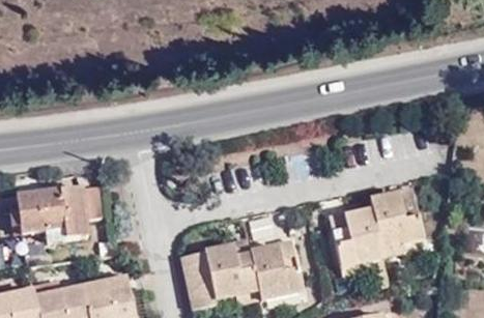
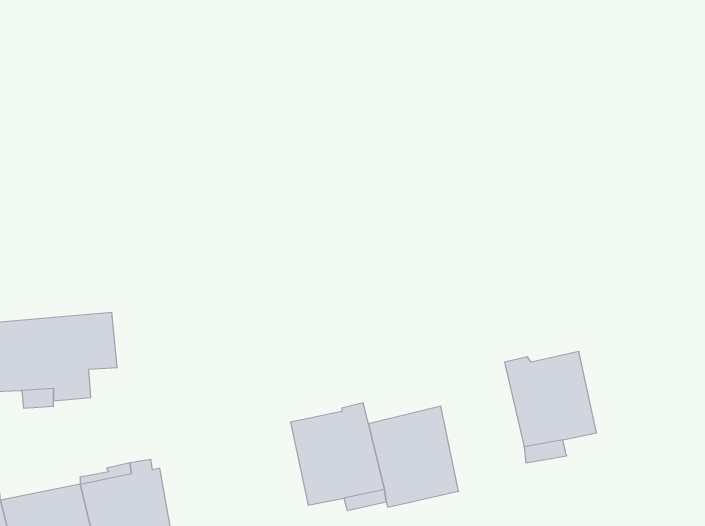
building: [369,190,423,257] -> none
building: [180,251,213,305] -> none

